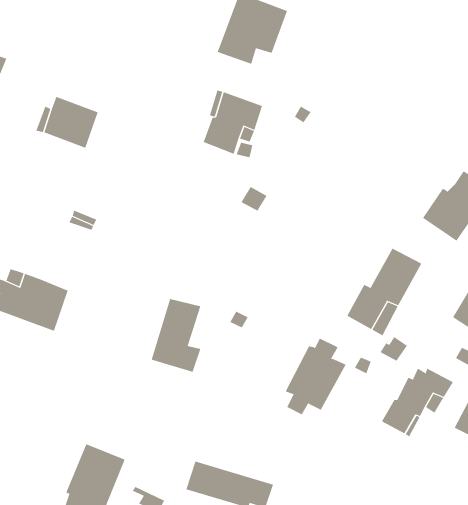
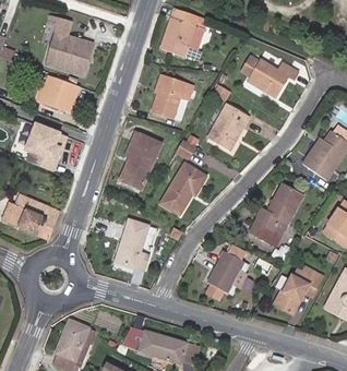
building: none -> [47,16,93,77]
building: none -> [242,56,299,94]
building: none -> [206,101,250,149]
building: none -> [24,123,65,170]
building: none -> [119,130,163,188]
building: none -> [159,161,206,213]

